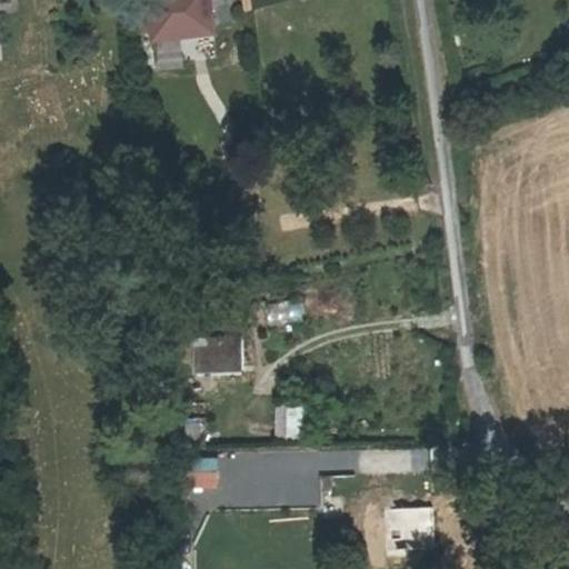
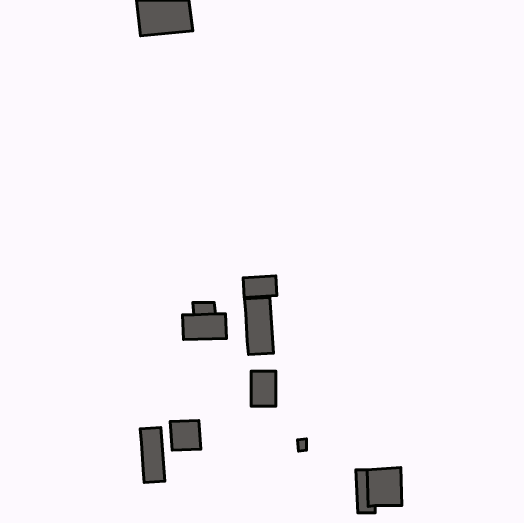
building: none -> [245,298,274,355]
building: none -> [140,428,165,482]

